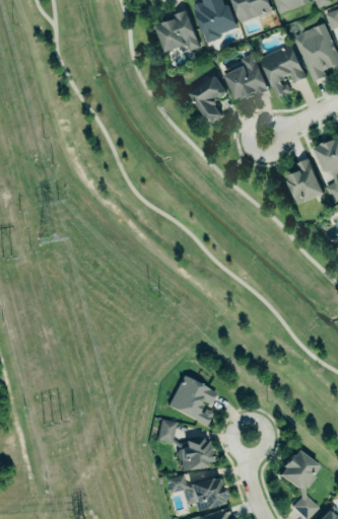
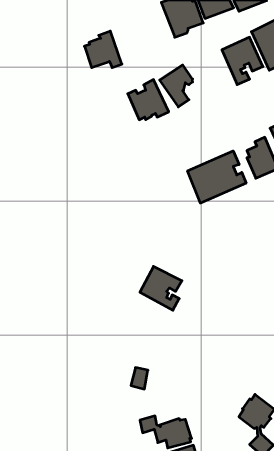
building: [157,10,200,52] -> [84,31,122,68]
building: [223,54,270,99] -> [128,80,169,120]
building: none -> [188,151,246,203]
building: [168,376,216,426] -> [140,266,182,310]
building: [178,439,211,470] -> none

